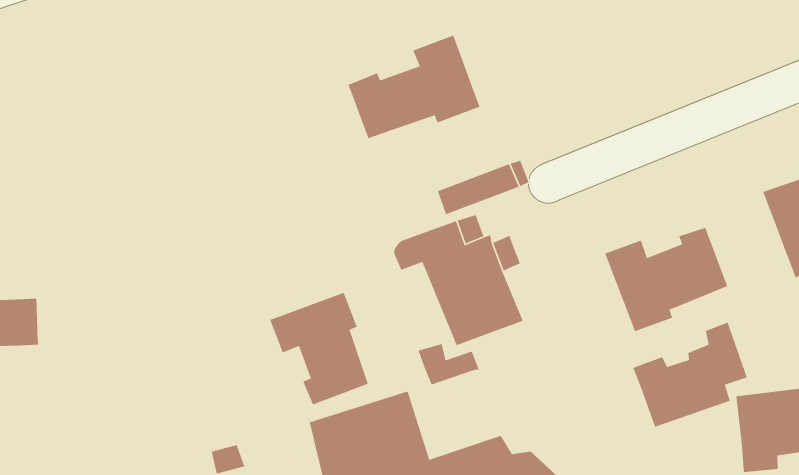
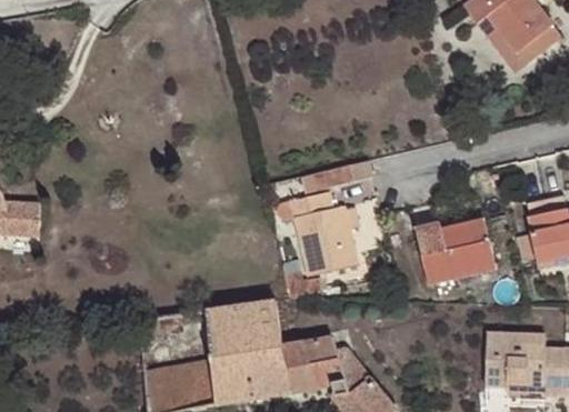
building: [347,34,480,139] -> none
building: [269,292,369,406] -> none
building: [632,321,748,428] -> none

